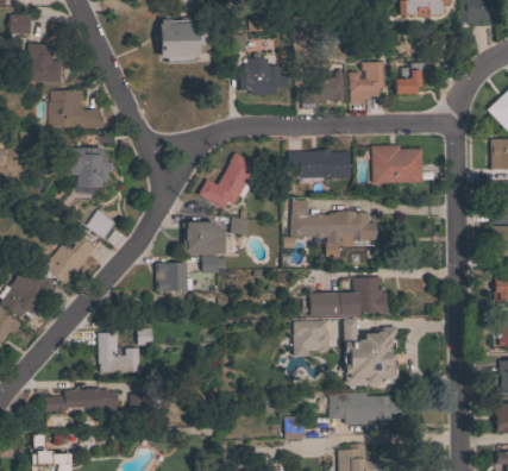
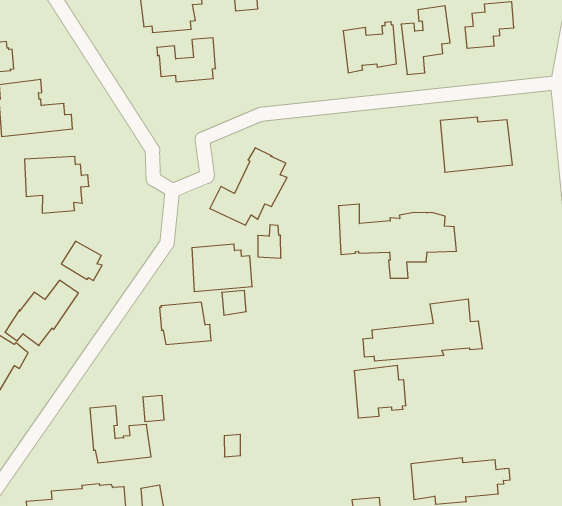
building: [239,64,281,94] -> [157,38,216,82]
building: [294,149,350,178] -> none
building: [344,319,399,384] -> none

